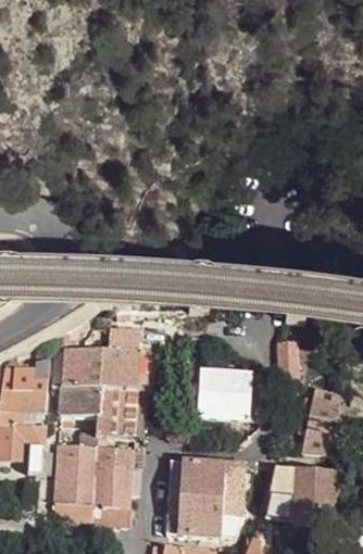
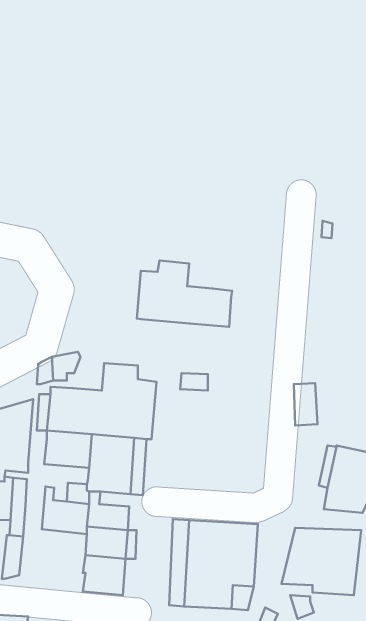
building: none -> [137,260,232,327]
building: [200,361,262,421] -> none
building: [52,469,95,524] -> none

